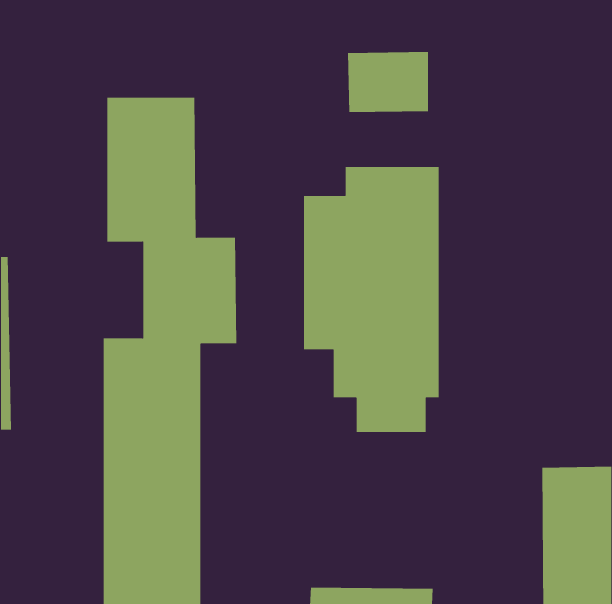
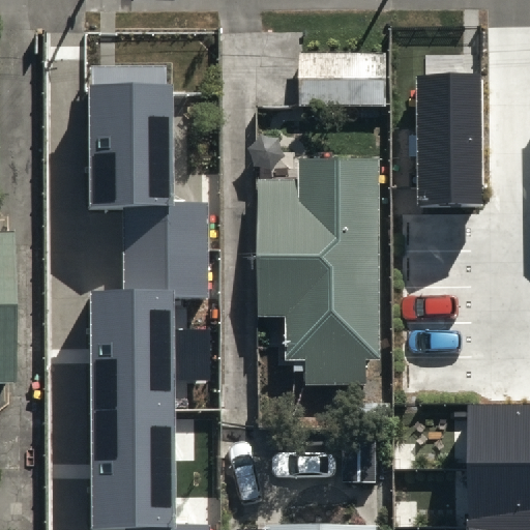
building: none -> [418,85,482,216]

